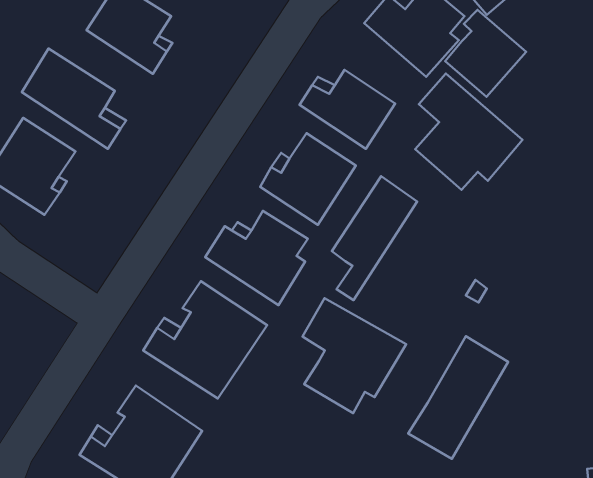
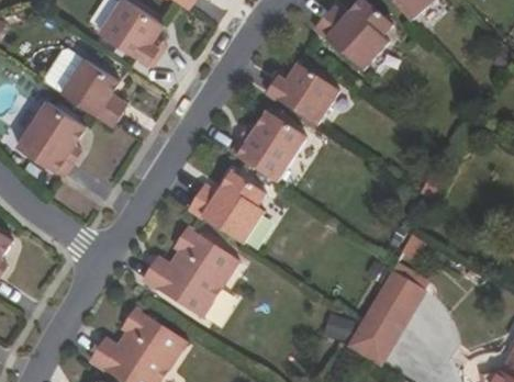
building: [445,10,526,97] -> none
building: [415,74,522,190] -> none
building: [332,176,417,300] -> none
building: [302,298,406,413] -> none

